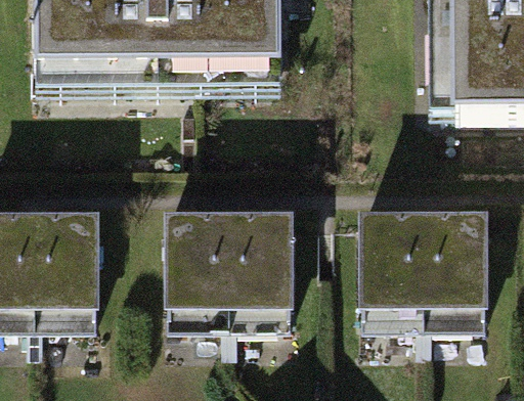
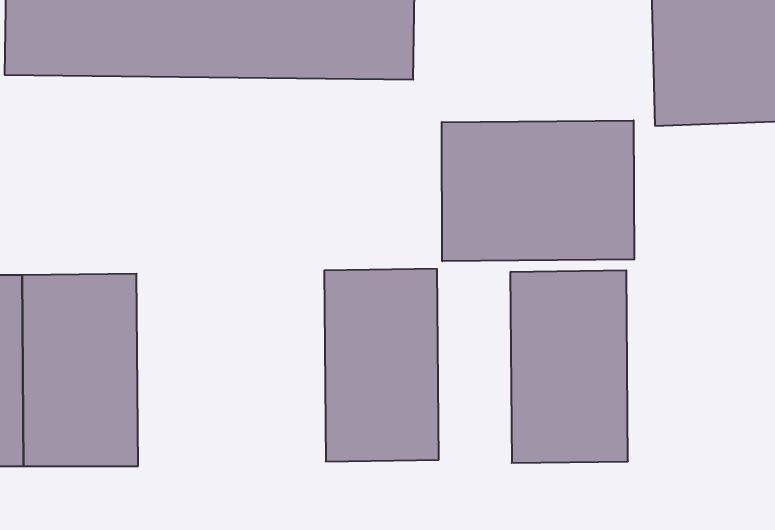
building: none -> [442,120,634,261]
building: [419,209,493,332] -> none
building: [144,210,225,333] -> none

